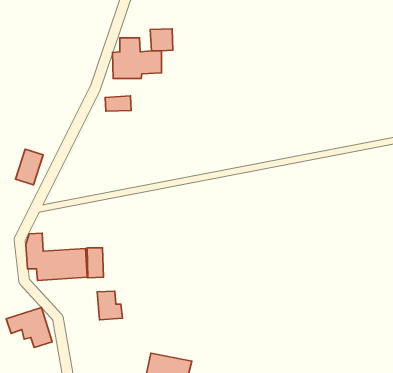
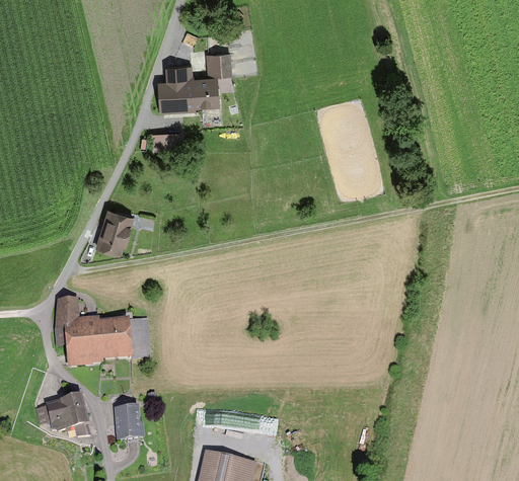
building: [15,149,43,185] -> [98,205,133,249]
building: [97,291,122,320] -> [110,407,142,443]

